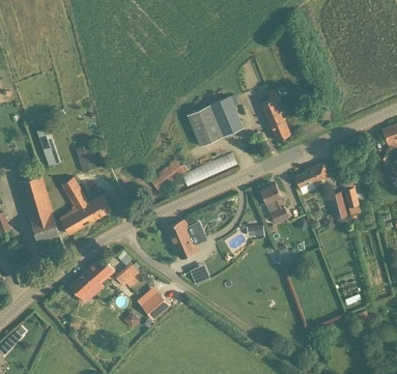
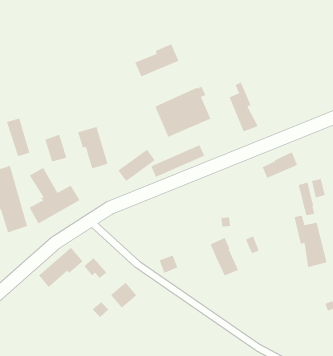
building: none -> [135,44,179,77]
building: none -> [78,126,108,169]
building: [260,183,289,223] -> [210,237,239,276]
building: [167,221,199,258] -> none
building: none -> [294,215,327,268]

